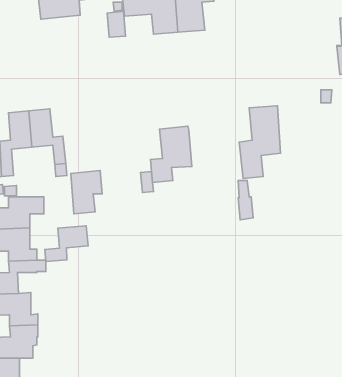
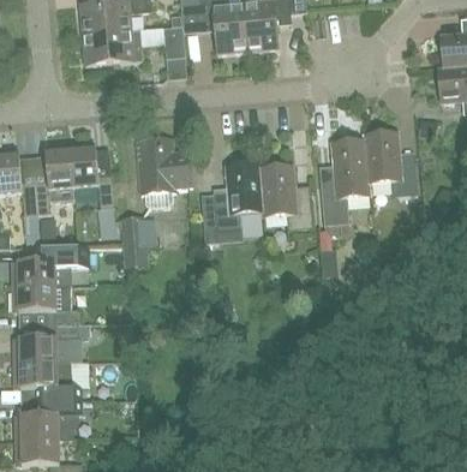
building: none -> [83,29,142,65]
building: none -> [364,130,418,195]
building: none -> [136,136,192,192]
building: none -> [259,165,312,229]
building: [45,226,88,262] -> none

